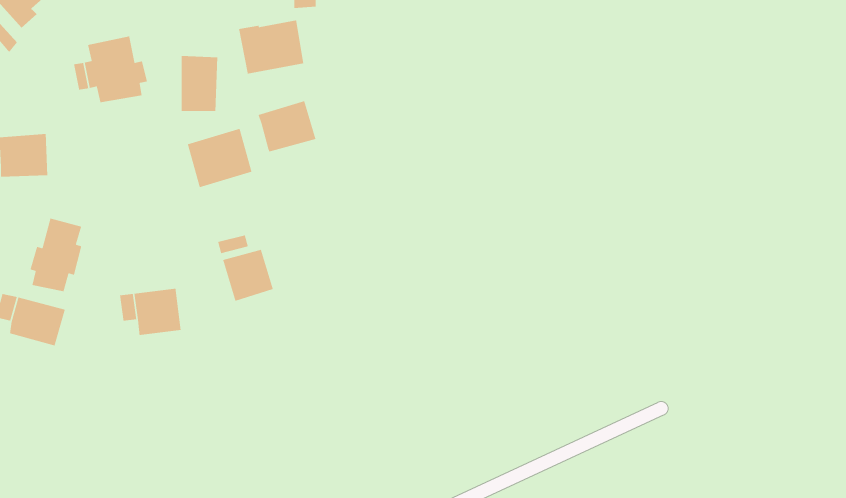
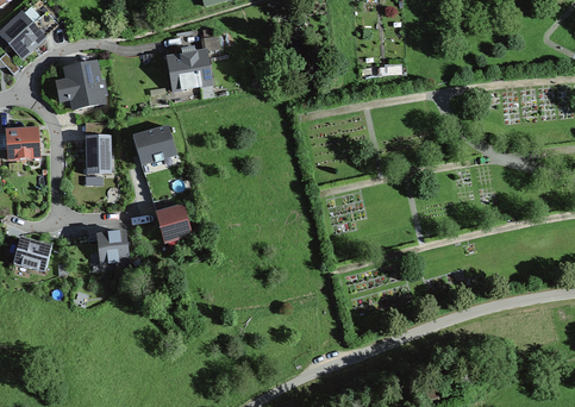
building: [181,55,218,112] -> [87,136,112,174]
building: [257,100,317,152] -> none
building: [29,217,82,292] -> none

